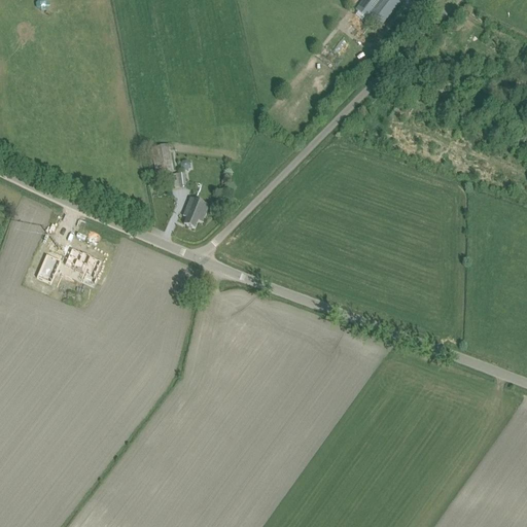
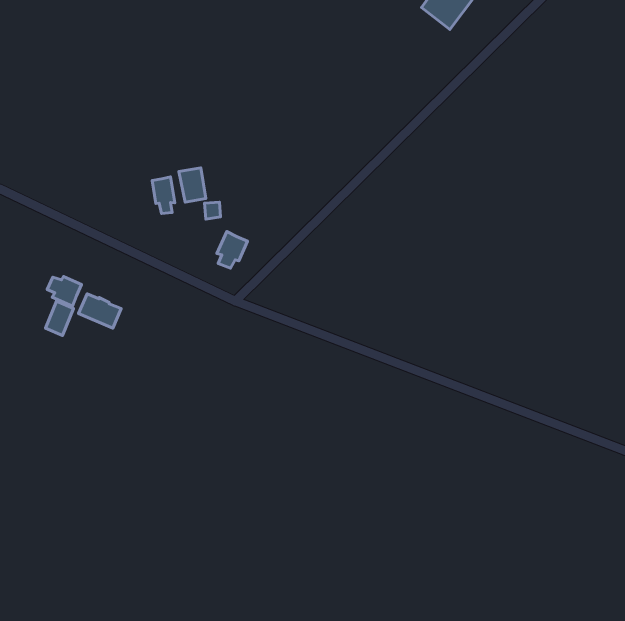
building: none -> [152,177,175,214]
building: none -> [47,277,81,306]

